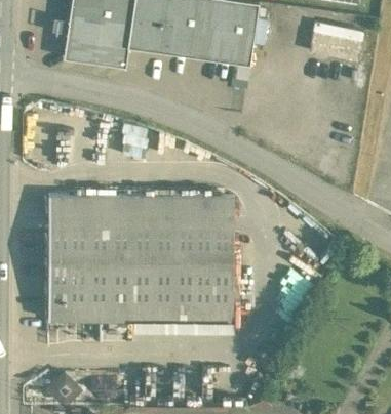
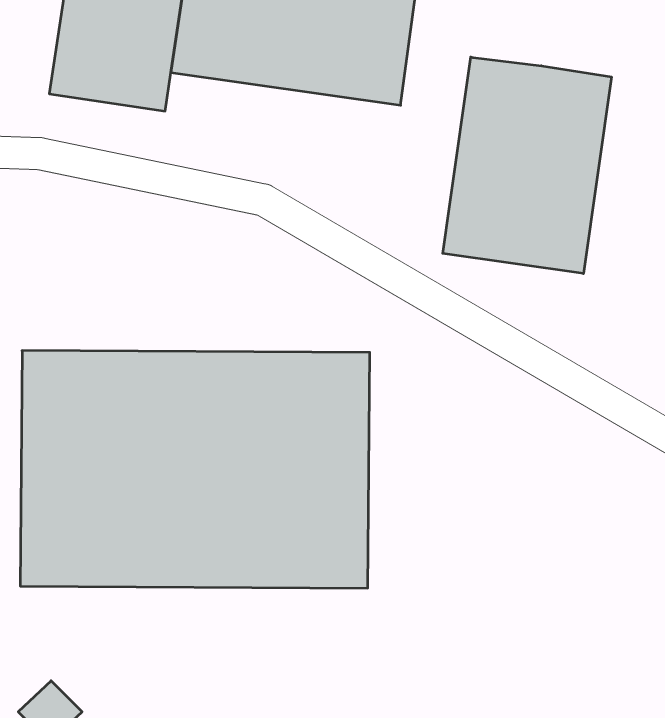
building: none -> [443,57,611,274]

